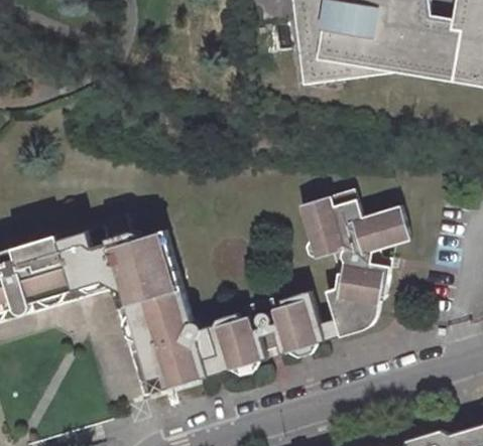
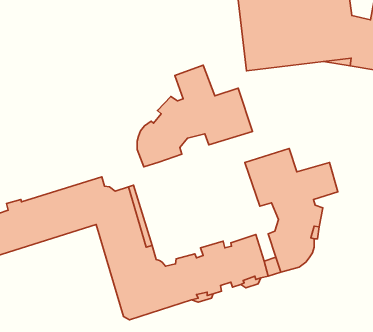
building: none -> [137,65,252,167]

